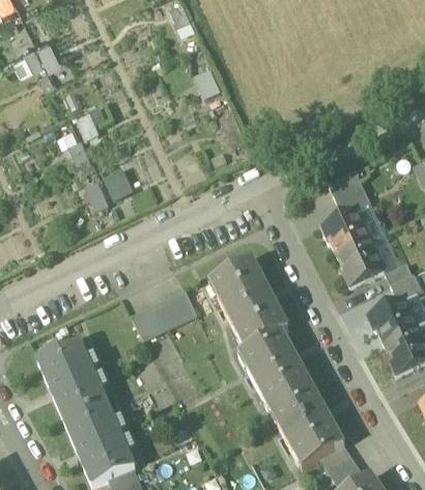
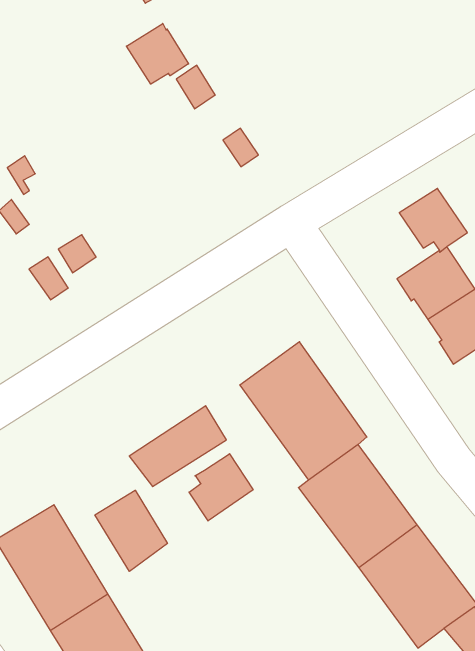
building: none -> [126,23,189,84]
building: none -> [189,454,253,521]
building: none -> [95,490,167,571]

